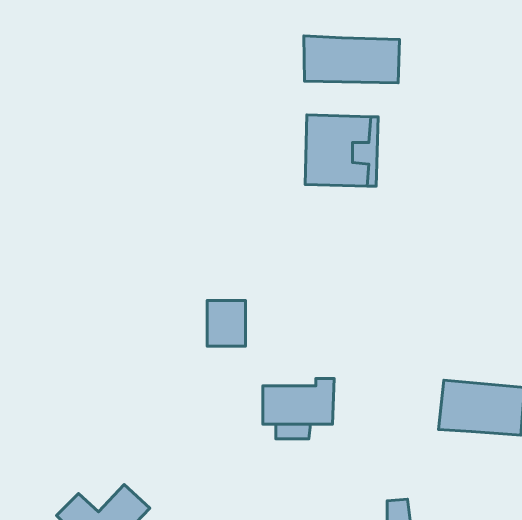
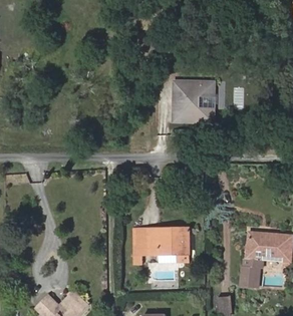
building: [304,36,400,83] -> none
building: [207,300,246,346] -> [128,229,150,254]
building: none -> [240,257,264,283]

